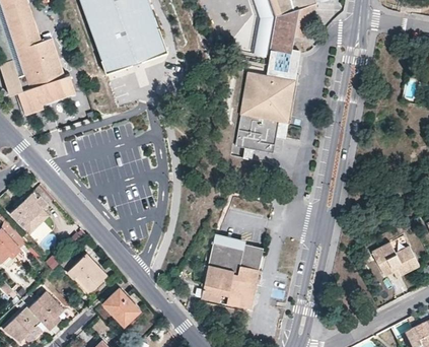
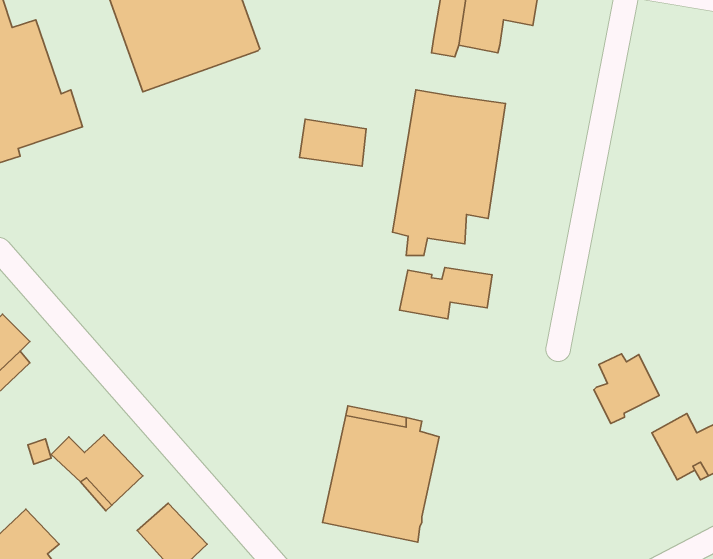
building: [267,50,300,80] -> none
building: none -> [299,119,366,166]
building: none -> [399,268,492,319]
building: none -> [594,354,659,424]

